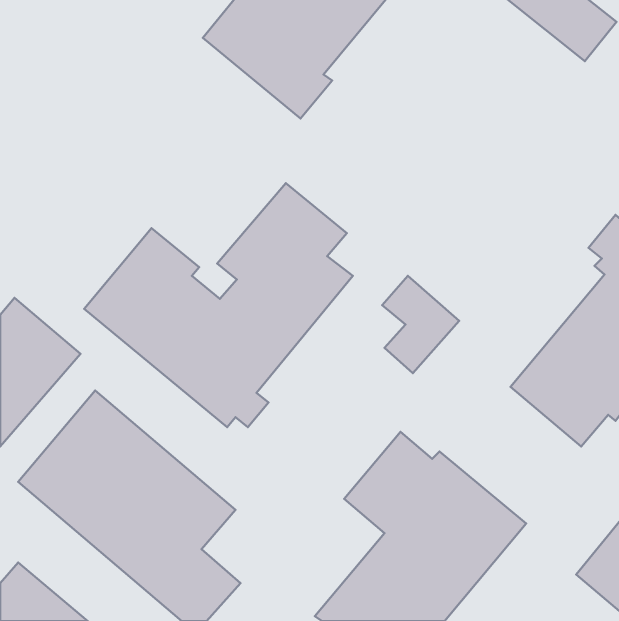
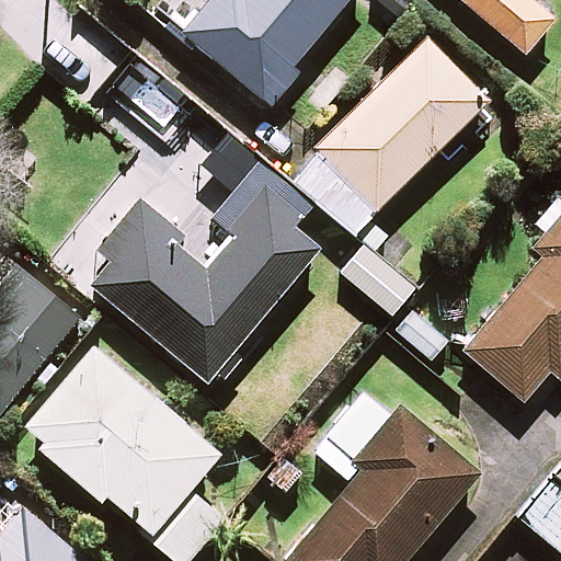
building: none -> [295,42,504,236]

